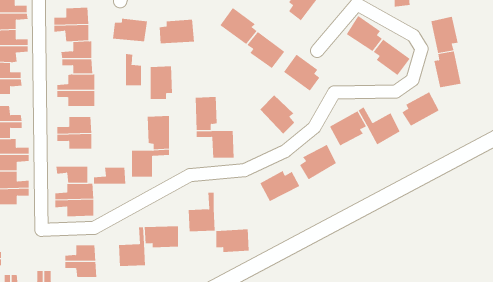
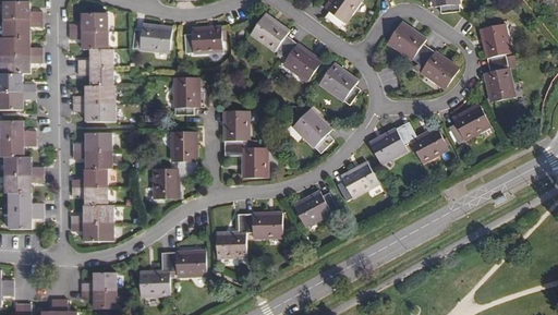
building: [126,53,141,86] -> none
building: [93,167,126,184] -> [71,168,107,186]
building: [216,229,249,253] -> [245,213,282,239]

